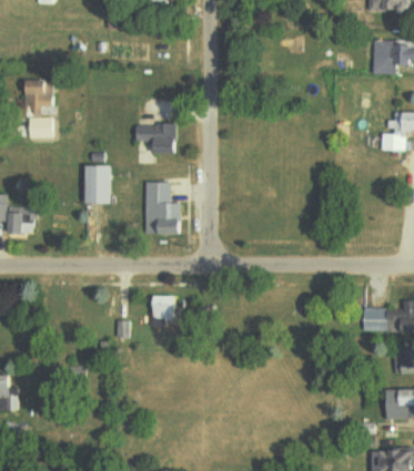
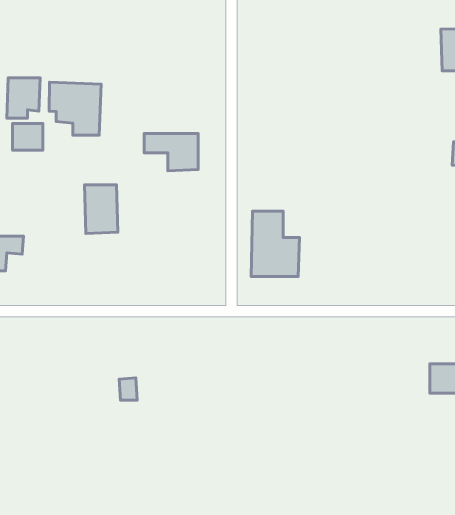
building: none -> [49,82,101,135]
building: [143,182,182,234] -> [251,211,300,276]
building: [148,296,176,326] -> none

